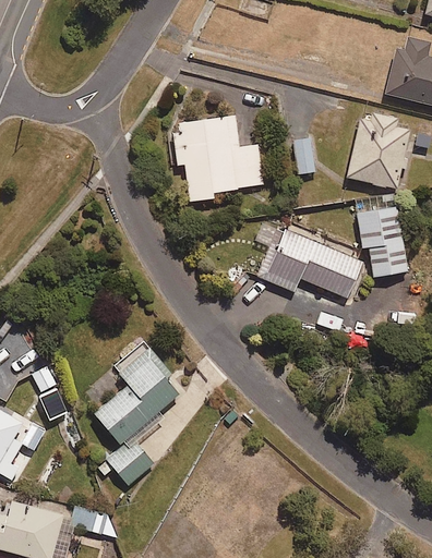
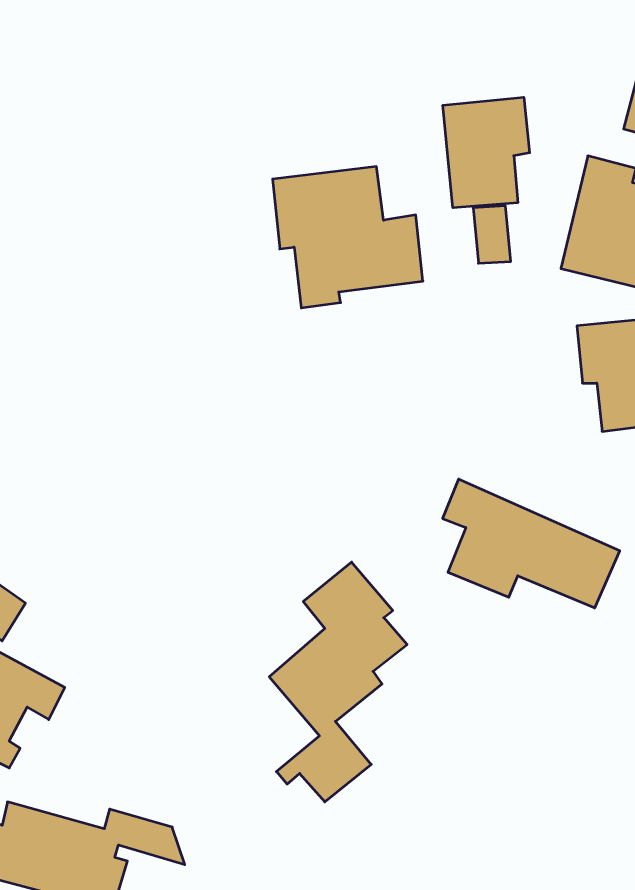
building: none -> [443,97,530,208]
building: [254,219,362,298] -> [443,479,620,608]
building: [95,341,179,487] -> [269,562,407,802]

